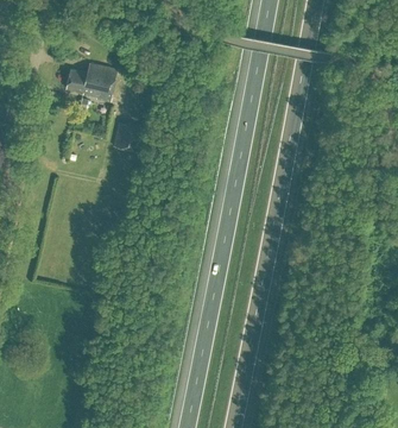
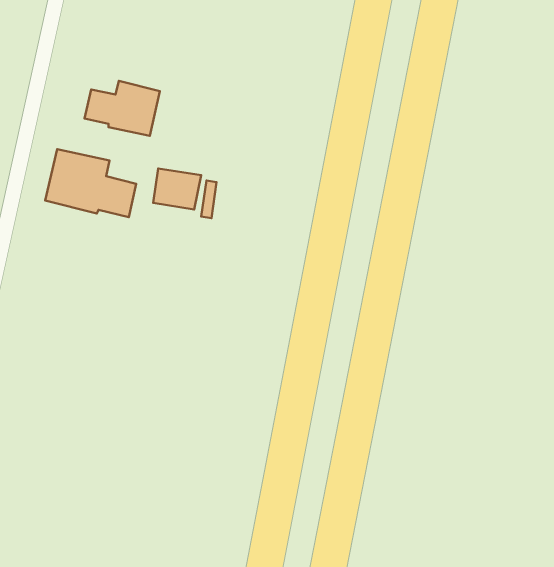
building: none -> [45,149,136,217]

